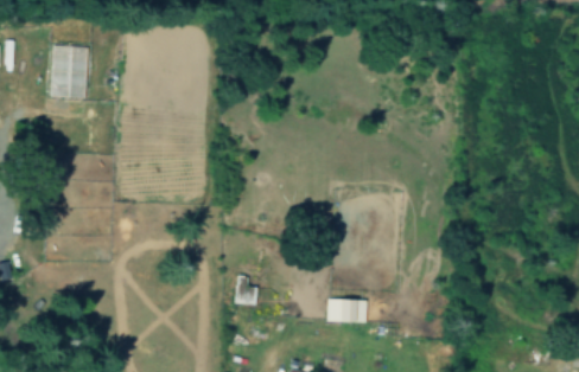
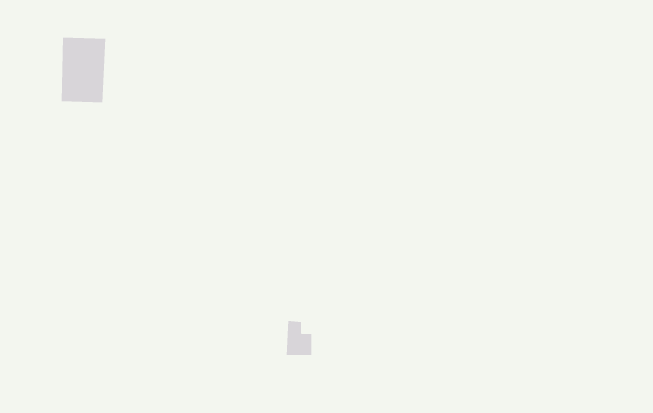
building: [326,299,367,321] -> none

